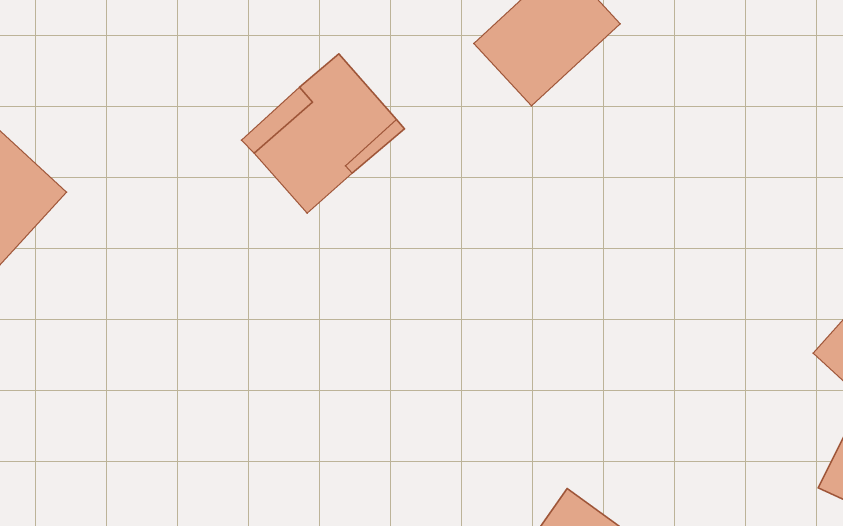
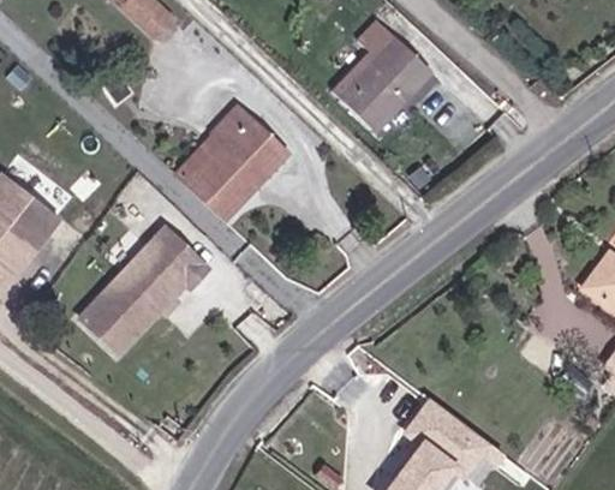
building: none -> [83,228,208,353]

